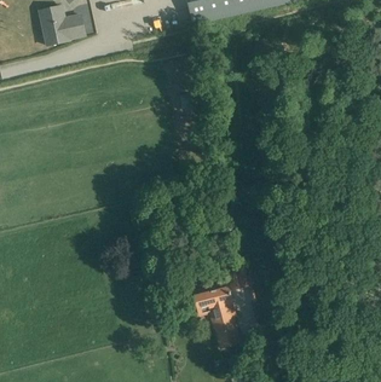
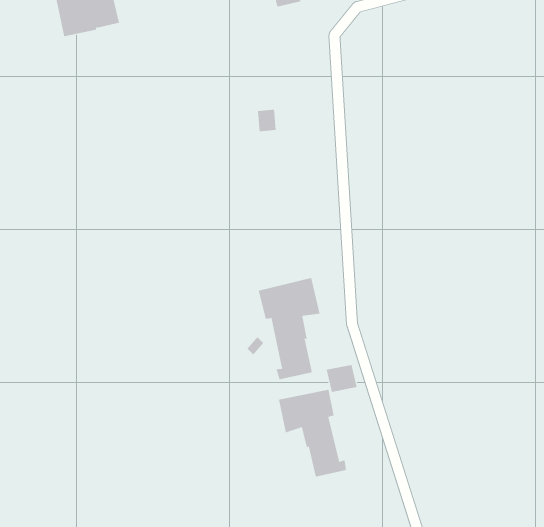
building: none -> [258,277,320,380]

